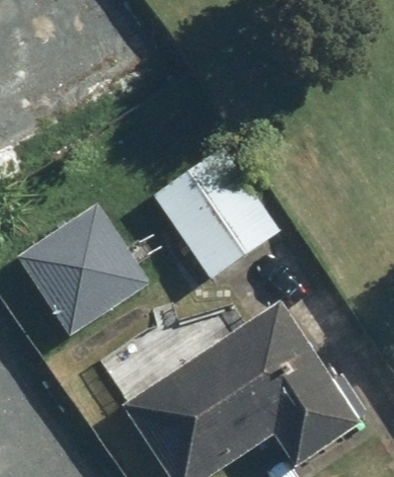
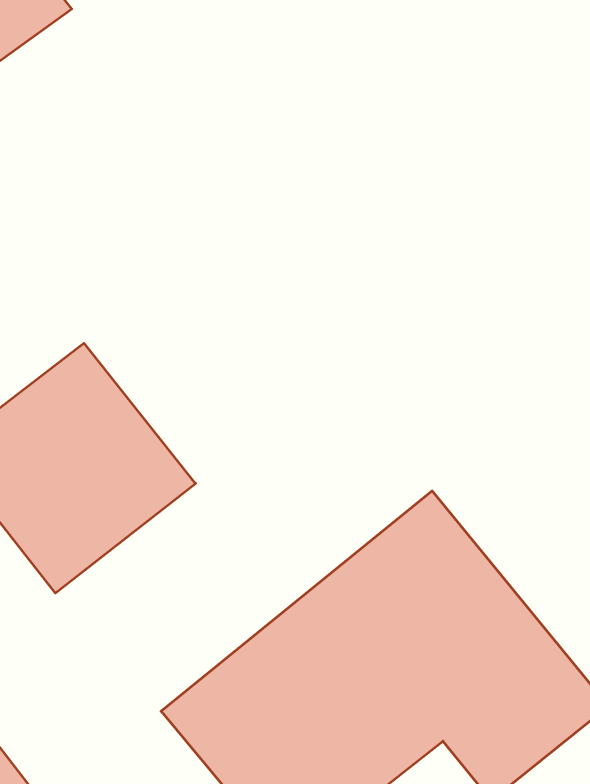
building: [148,149,277,281] -> none

